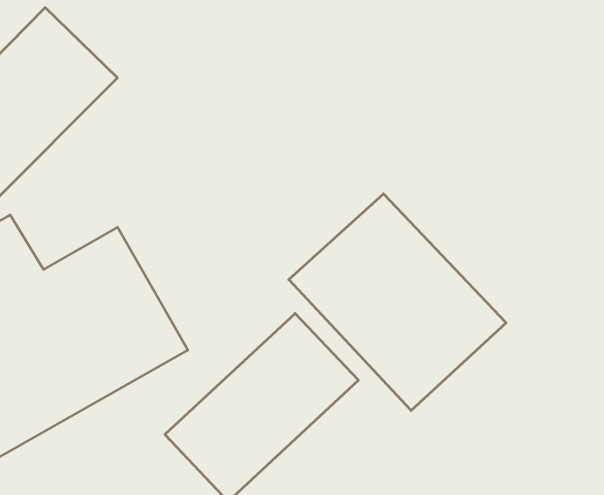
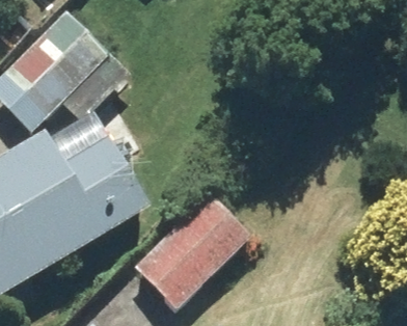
building: [289,194,506,411] -> none

